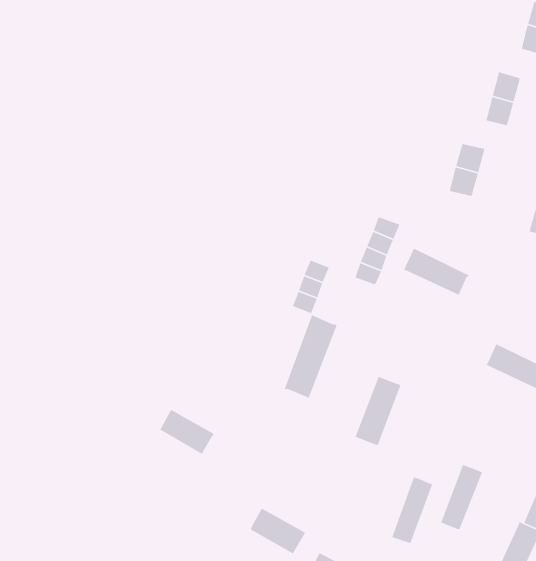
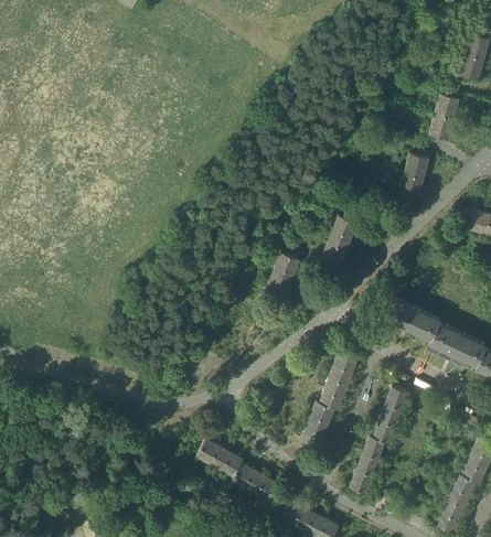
building: [403,248,470,296] -> [384,298,440,339]
building: [283,314,338,399] -> none
building: [159,409,215,455] -> [195,439,243,477]
building: none -> [300,401,335,449]
building: [440,464,483,531] -> [372,387,408,443]

